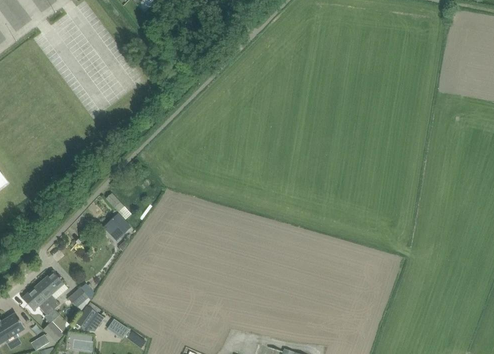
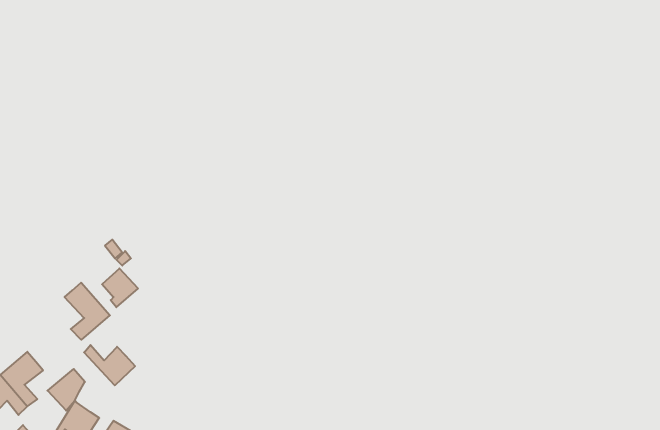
building: none -> [65,283,110,340]
building: none -> [84,345,135,385]

